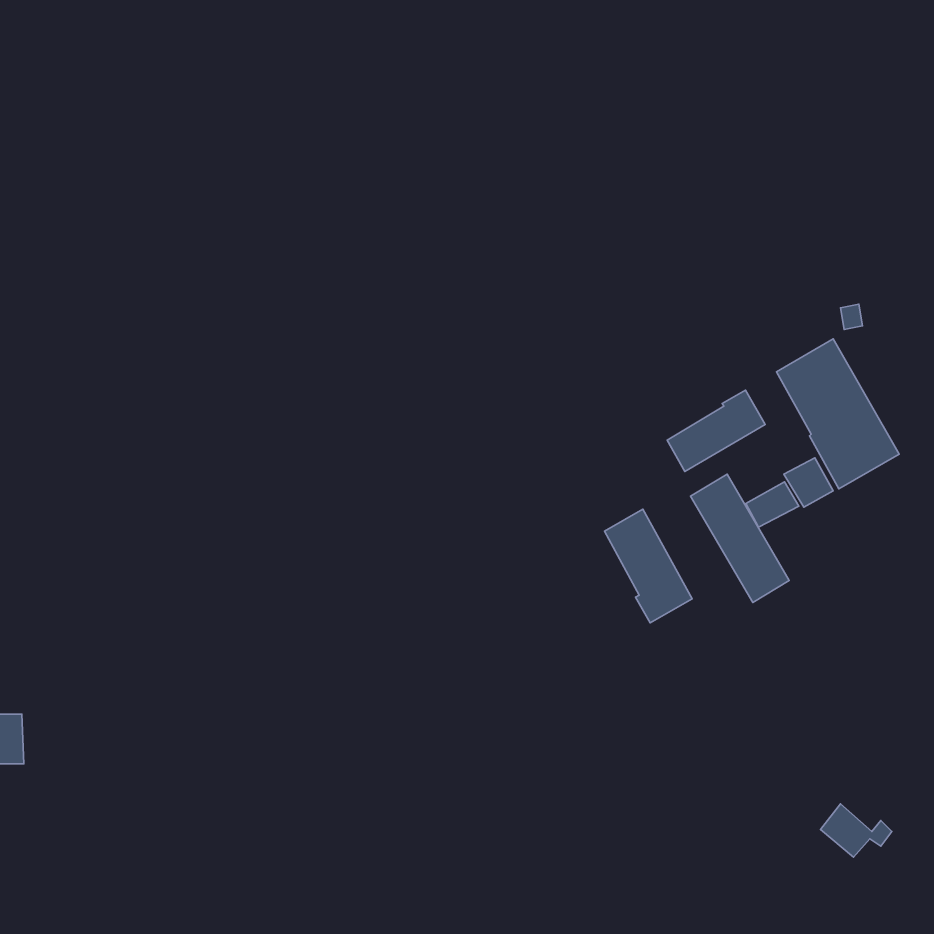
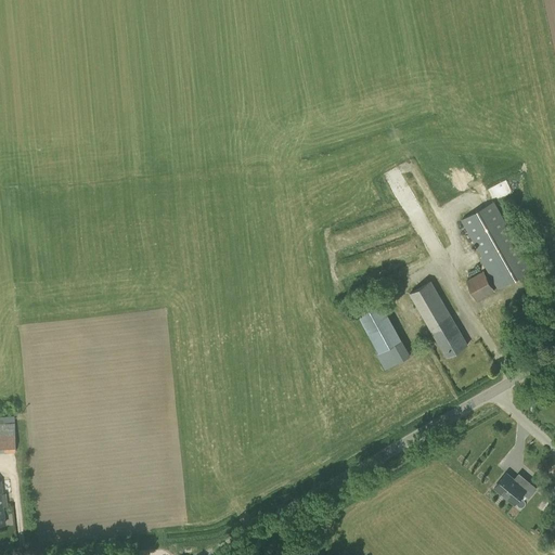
building: [667,390,765,472] -> none
building: [746,482,799,527] -> none

